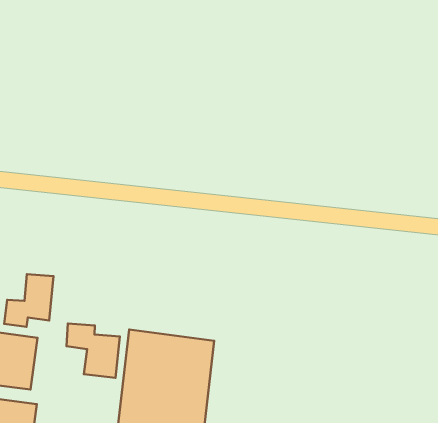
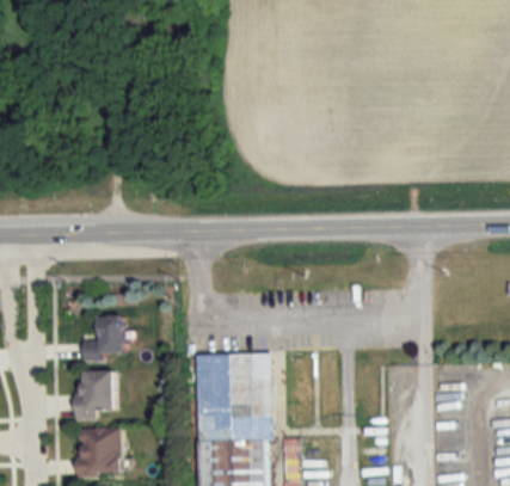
building: [66,323,120,378] -> none

